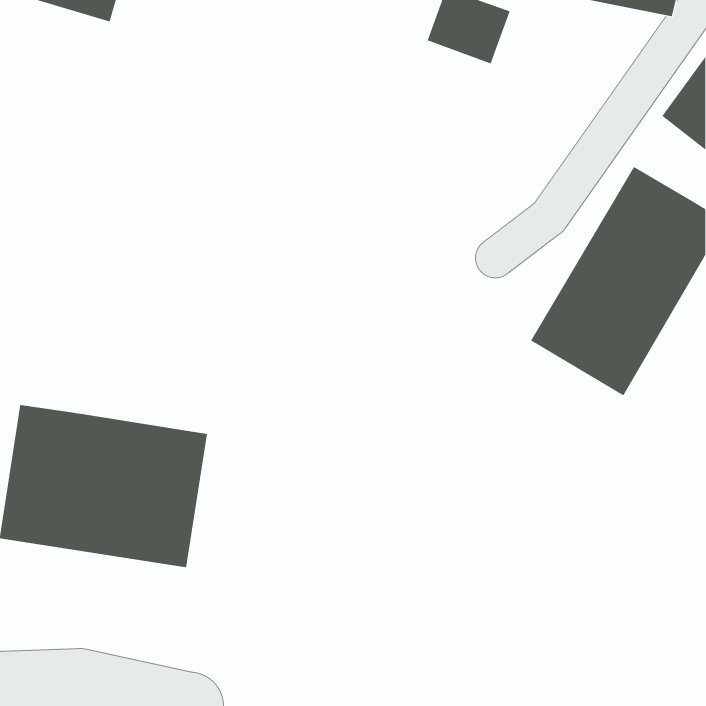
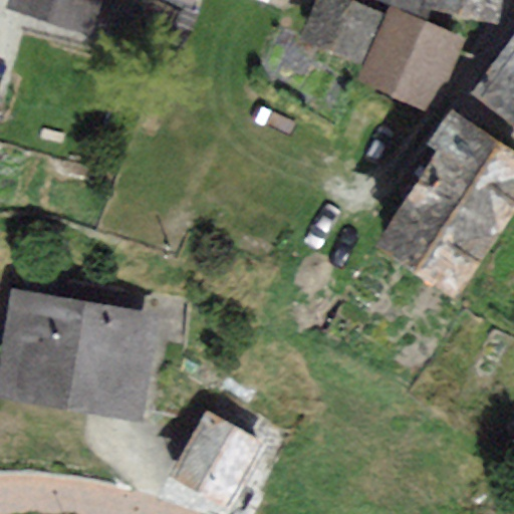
building: none -> [364,9,452,99]
building: none -> [178,416,252,494]

